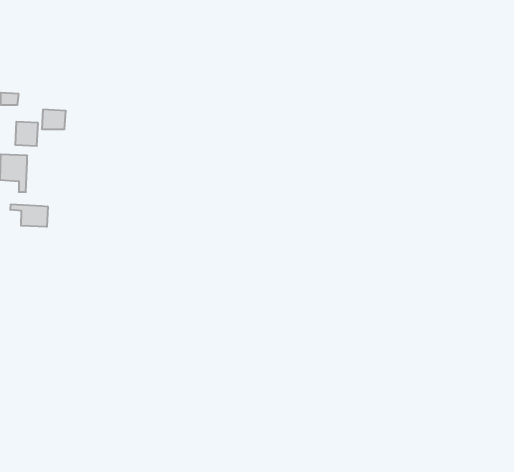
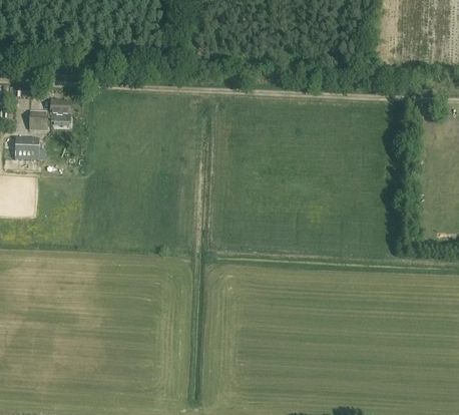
building: [10,204,48,227] -> none

